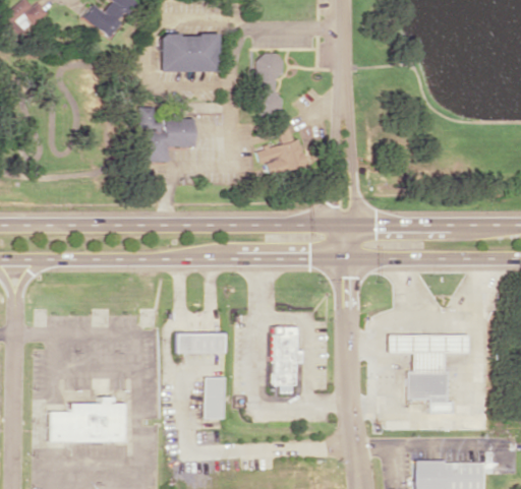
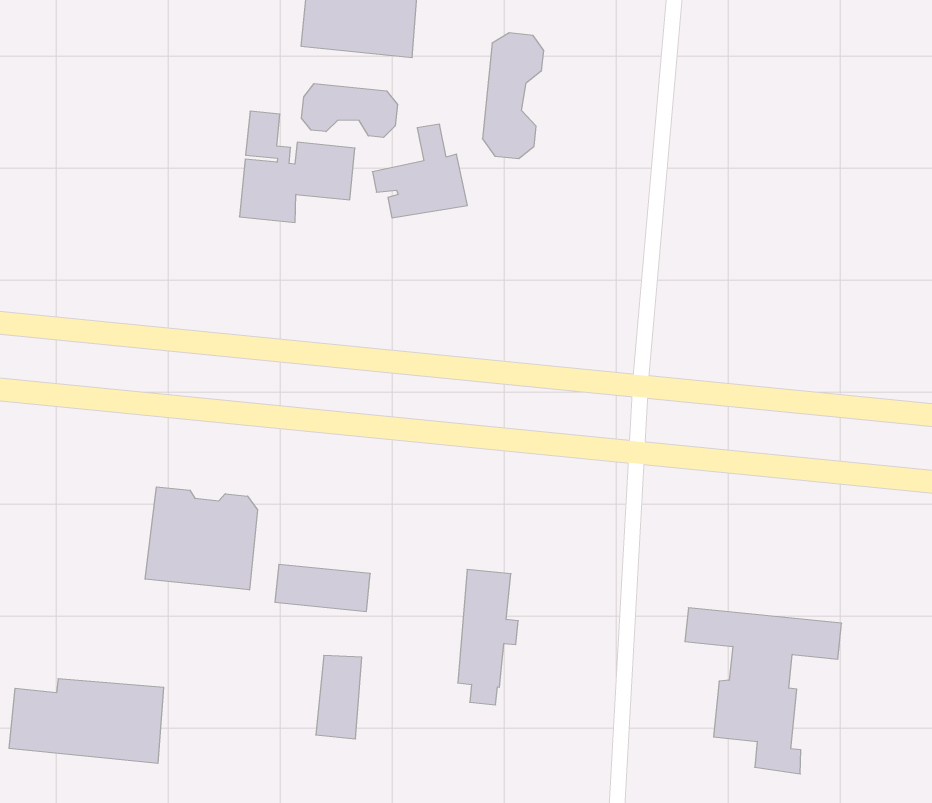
building: none -> [302,84,397,137]
building: [257,124,307,174] -> [372,124,467,218]
building: none -> [145,487,258,590]

